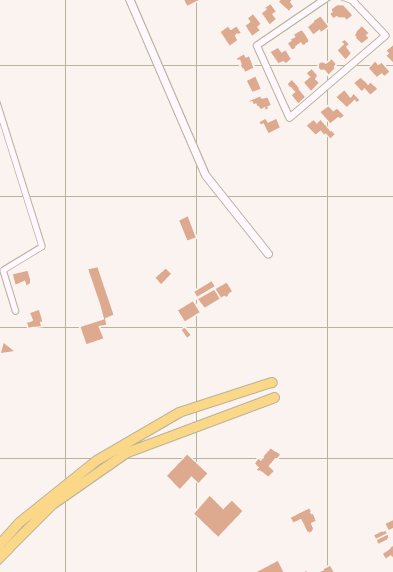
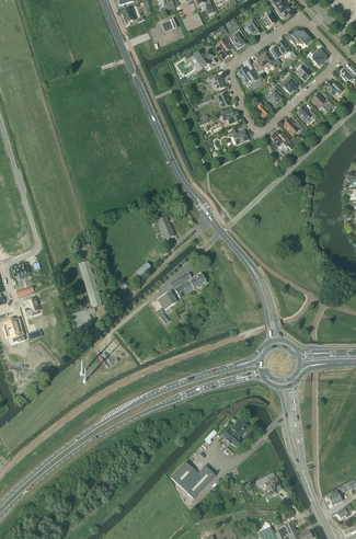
building: [166,454,208,490] -> none

